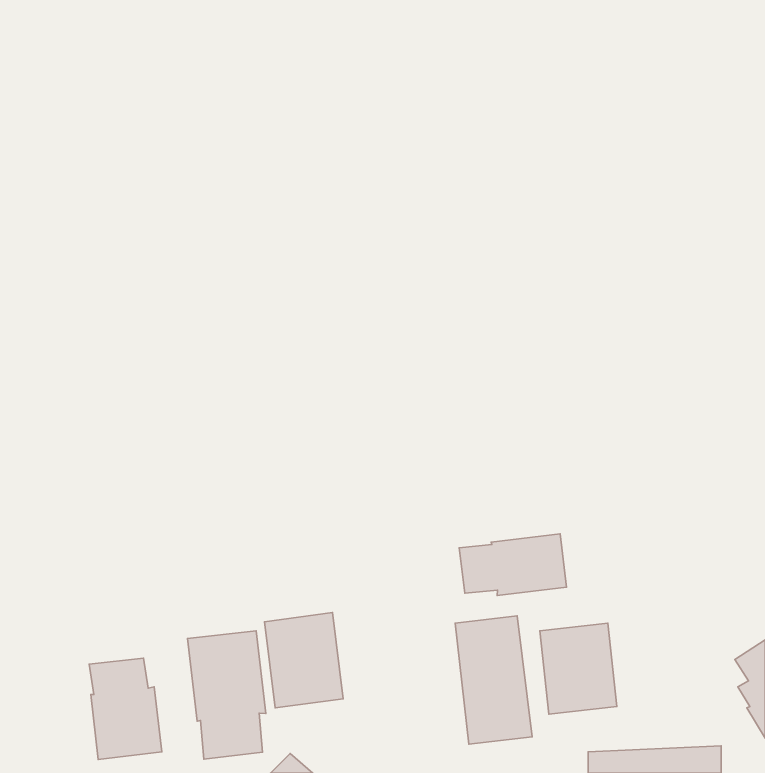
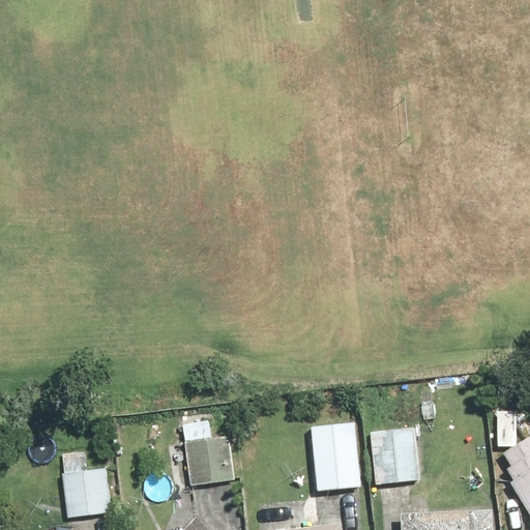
building: [459,534,566,596] -> none
building: [188,631,266,759] -> none

